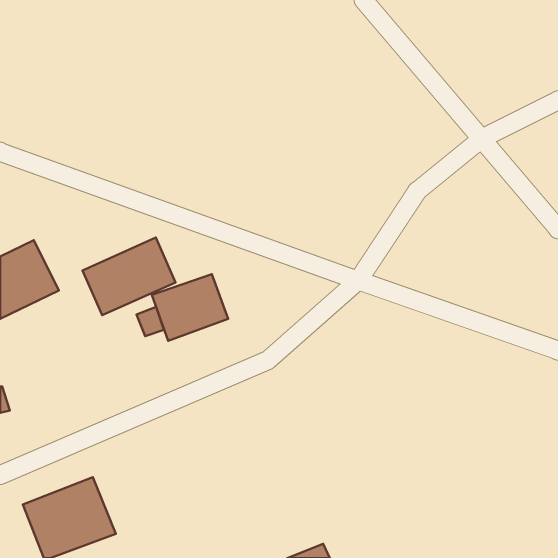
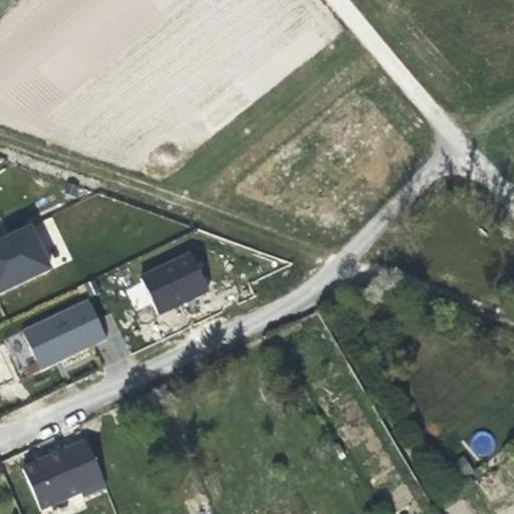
building: [83,238,175,315] -> [21,298,106,369]

